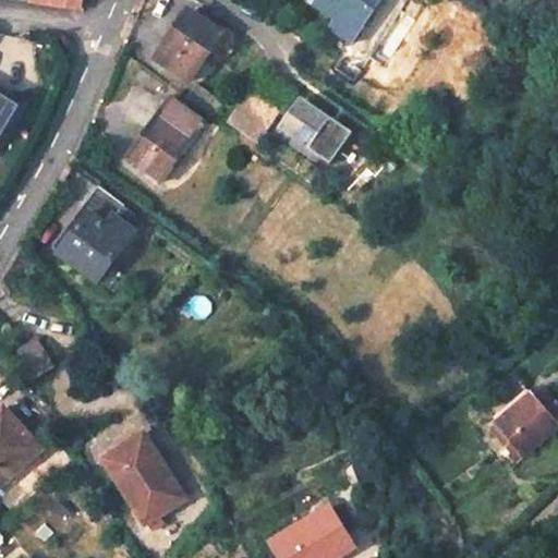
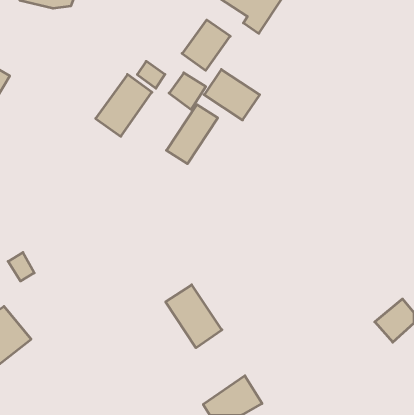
building: [154,8,218,75] -> [182,20,230,70]
building: none -> [166,105,218,164]
building: [61,185,133,281] -> none
building: [107,436,182,520] -> [166,285,222,348]

